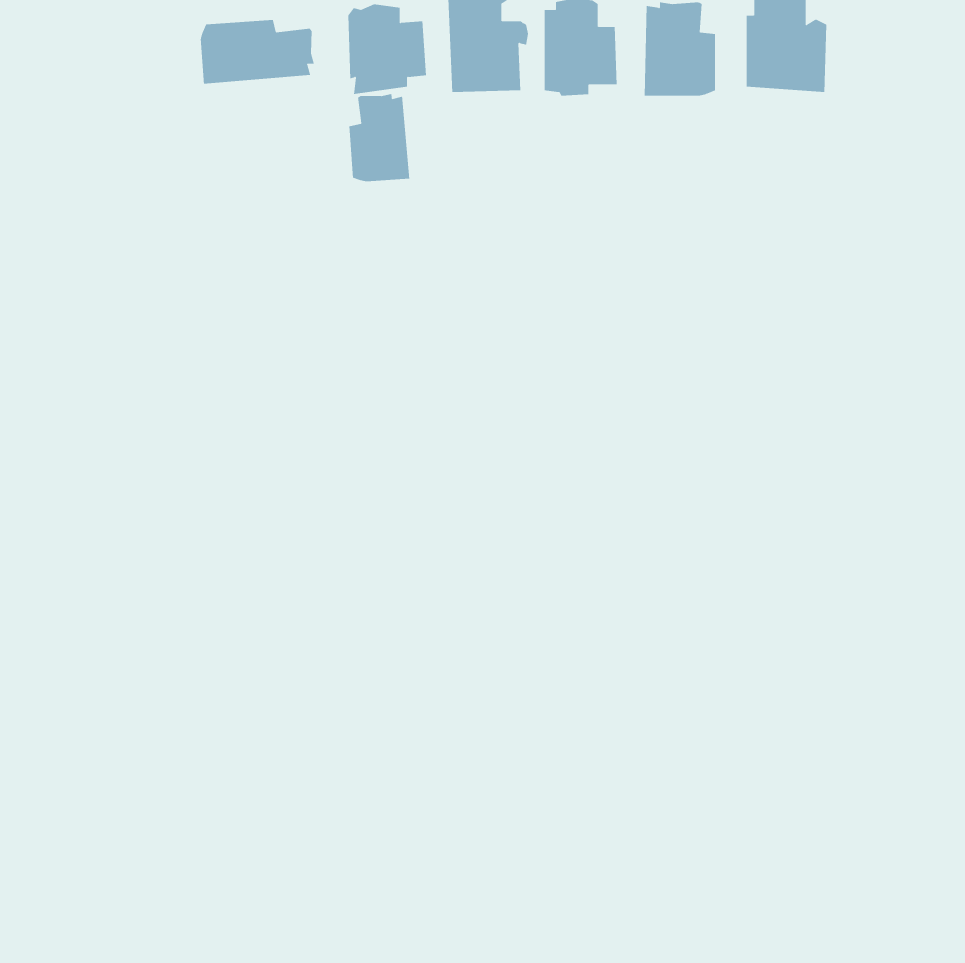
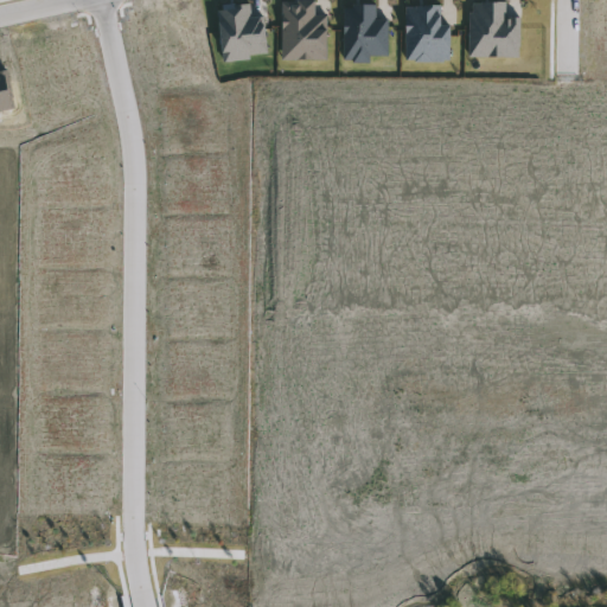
building: [200,19,315,84] -> none
building: [349,93,410,182] -> none

